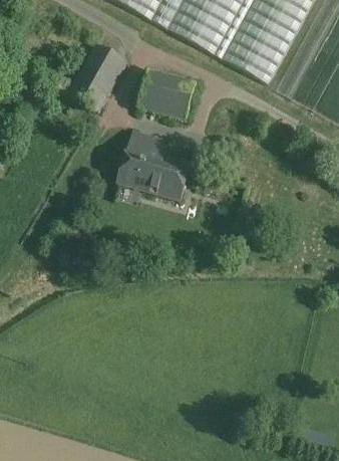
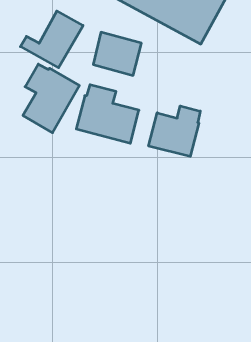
building: none -> [23,64,79,133]
building: none -> [149,106,200,156]

